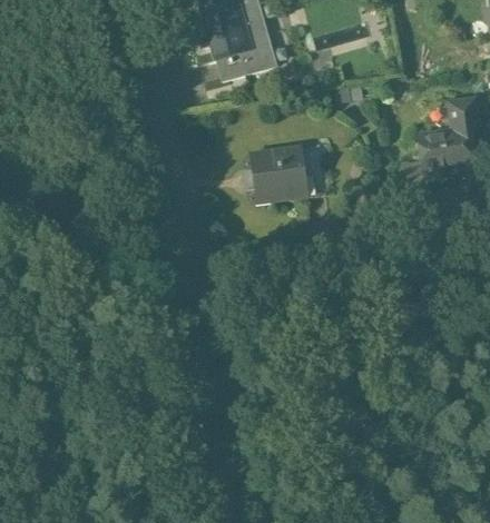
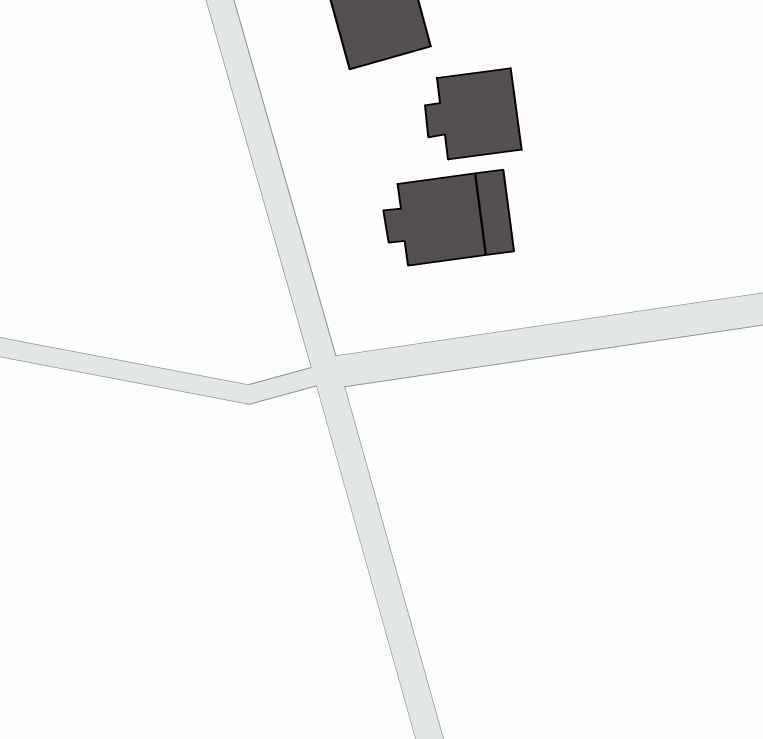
building: none -> [425,68,522,160]
building: [403,99,478,190] -> none

